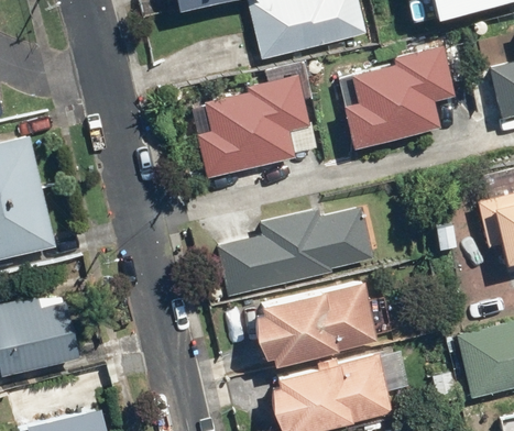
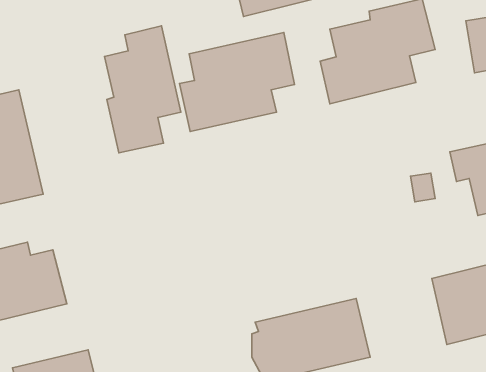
building: none -> [104,26,181,153]
building: [217,208,374,297] -> none
building: [253,280,376,367] -> none

